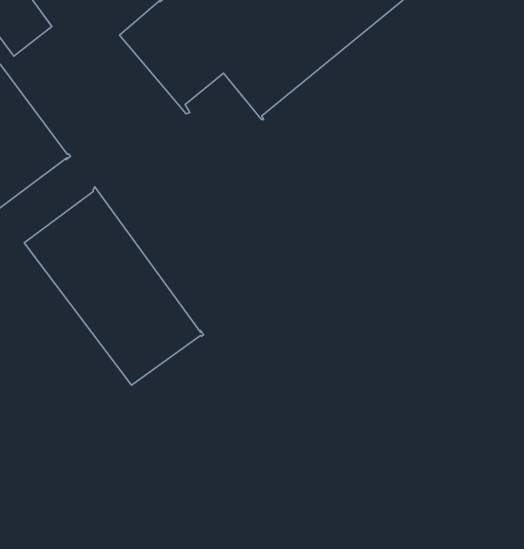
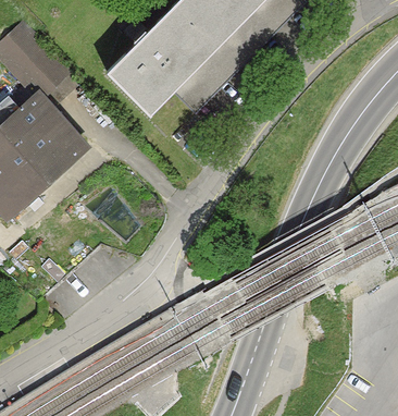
building: [24,187,204,385] -> none

